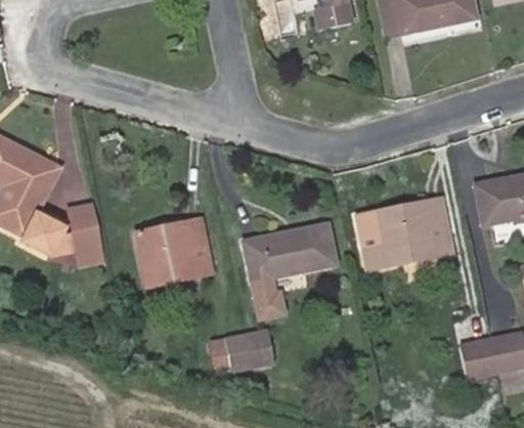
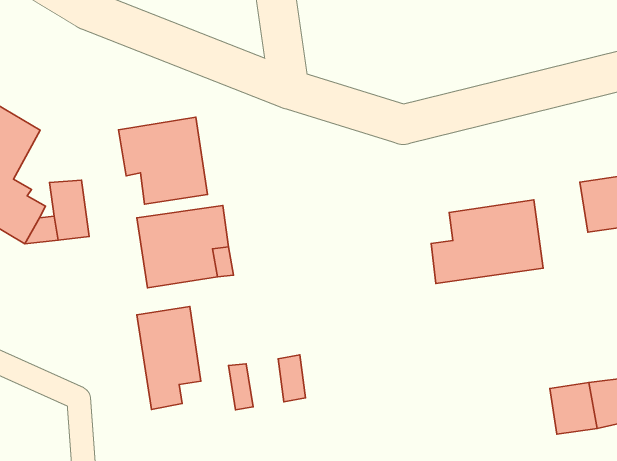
building: none -> [118,117,208,204]
building: [243,224,335,317] -> none
building: none -> [137,307,201,409]
building: [225,334,256,372] -> none

